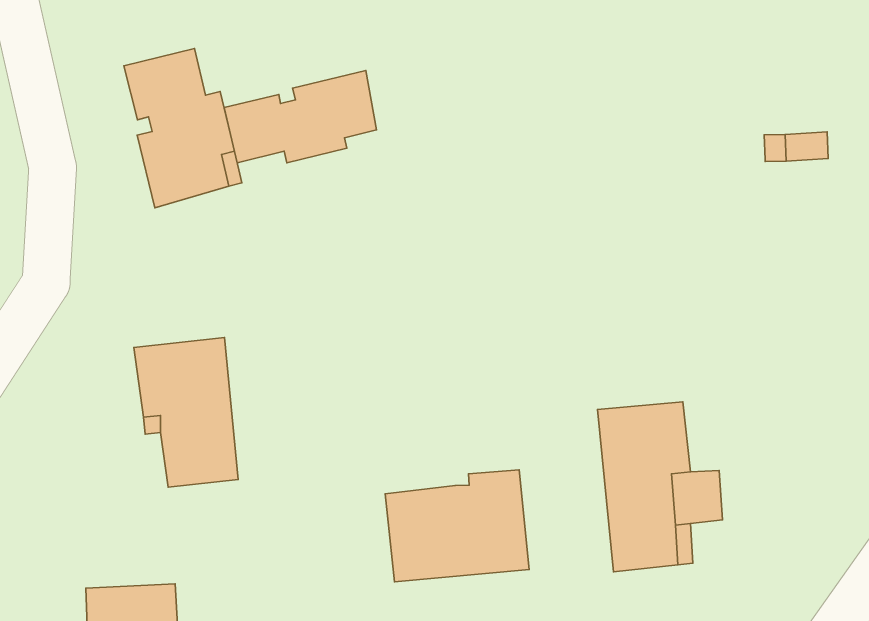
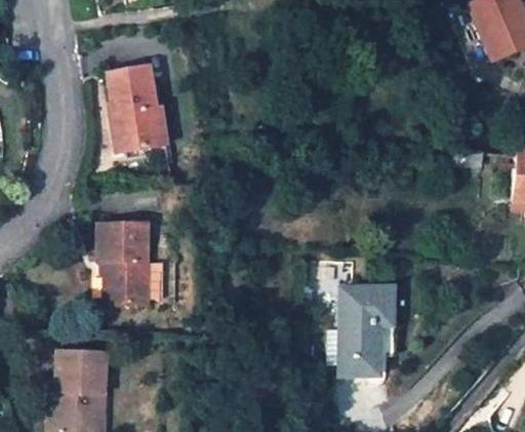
building: [224,71,376,163] -> none
building: [385,470,529,582] -> none

